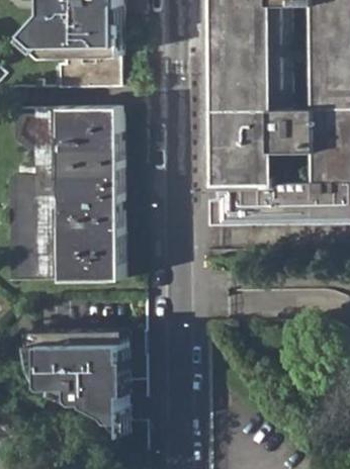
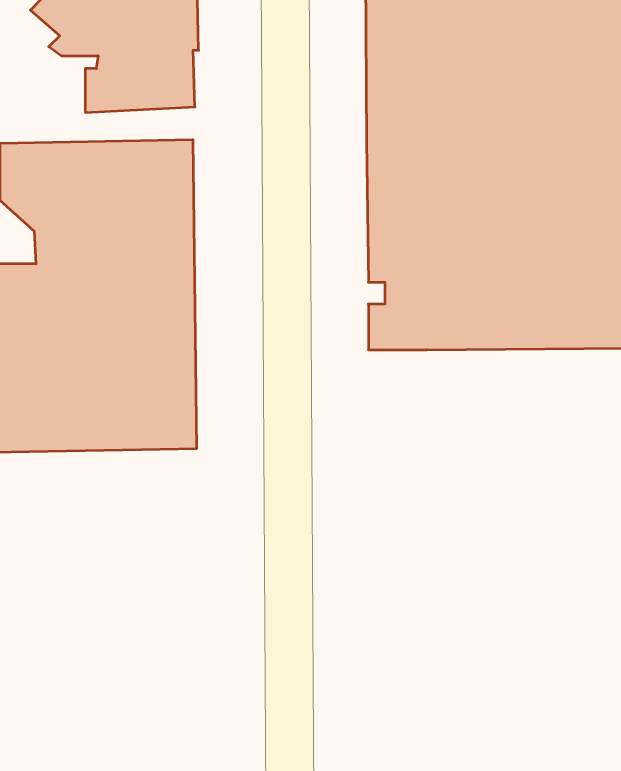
building: [24,330,120,433] -> none

